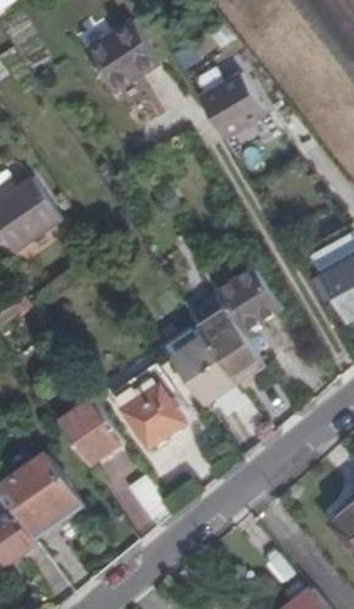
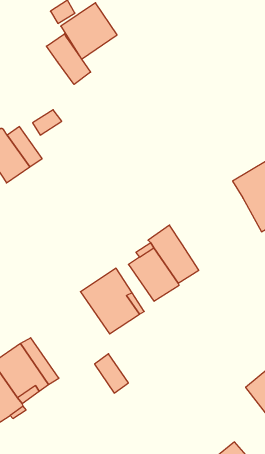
building: none -> [46,34,91,84]
building: [194,70,259,137] -> none
building: [213,266,279,332] -> none
building: [56,397,122,465] -> none

